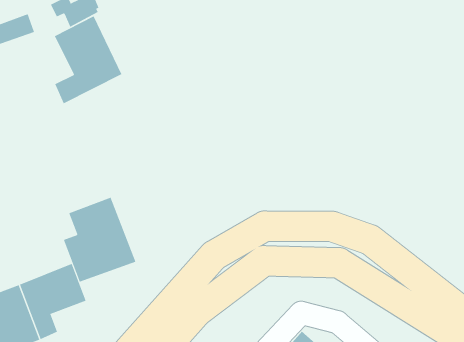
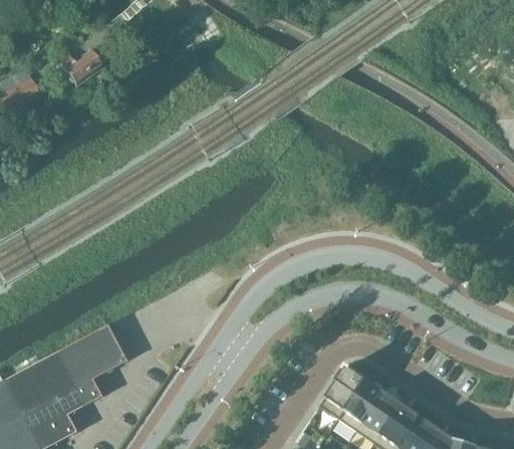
building: [54,16,122,104] -> none
building: [63,197,136,283] -> none

